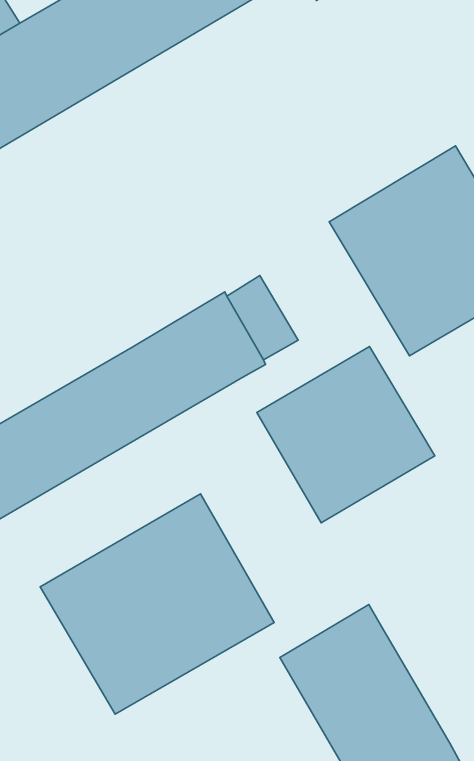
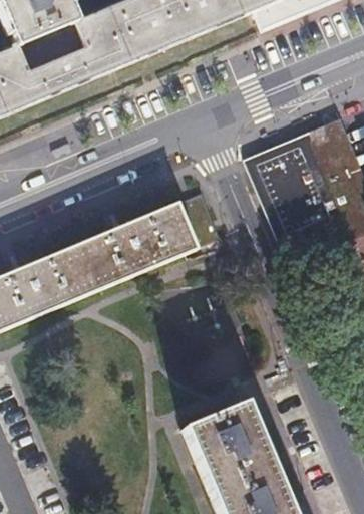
building: [257,346,435,523] -> none
building: [40,494,274,714] -> none

